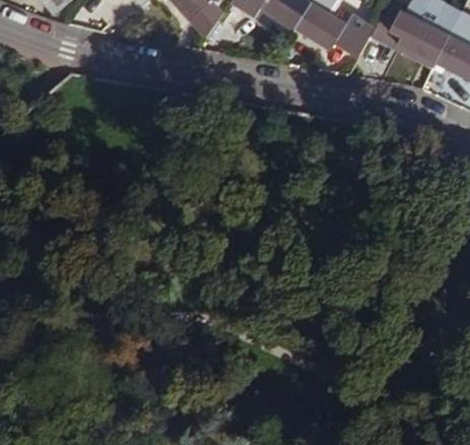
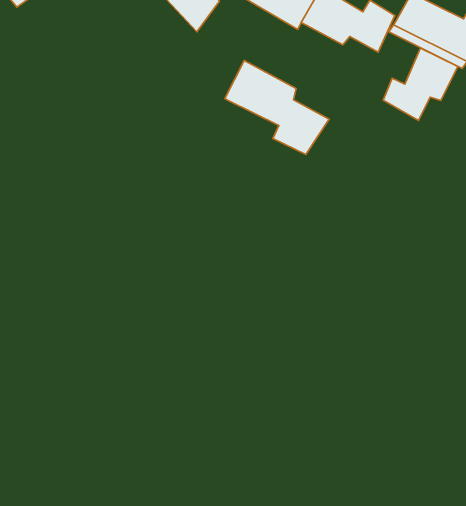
building: none -> [383,48,458,120]
building: none -> [225,60,329,154]

